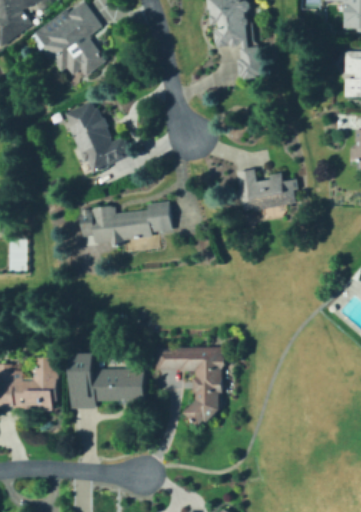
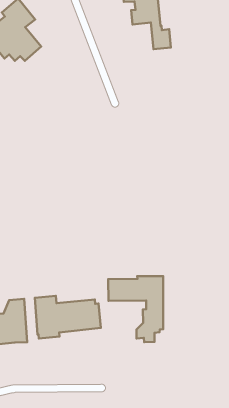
building: [63,99,133,170] -> none
building: [237,170,297,212] -> none
building: [81,203,172,243] -> none

